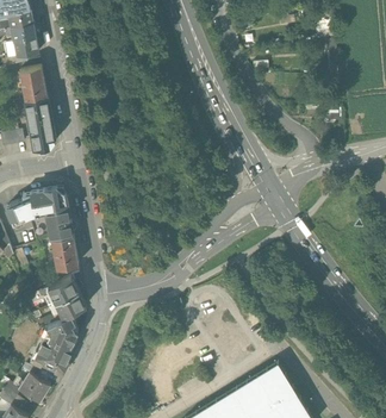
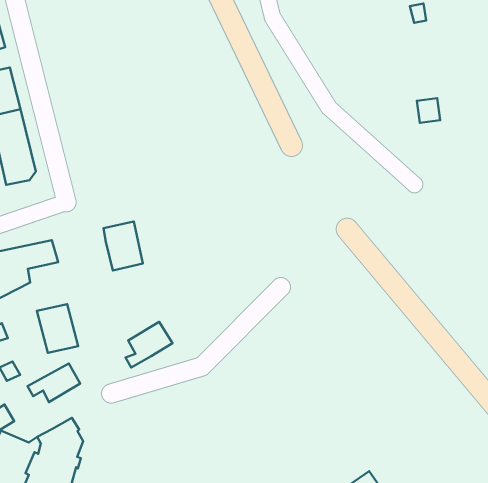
building: [45,205,71,238] -> [104,222,143,270]
building: [52,291,86,322] -> [126,322,172,368]

